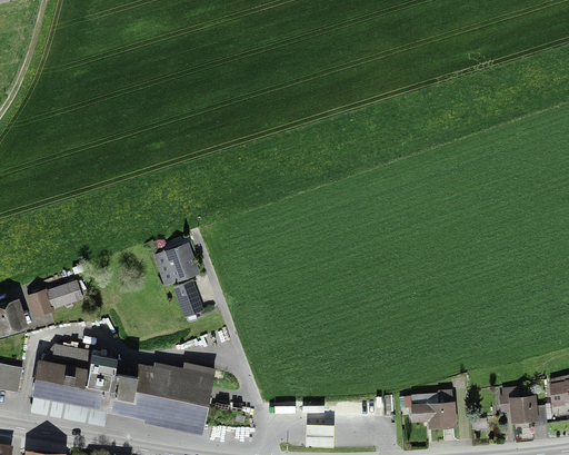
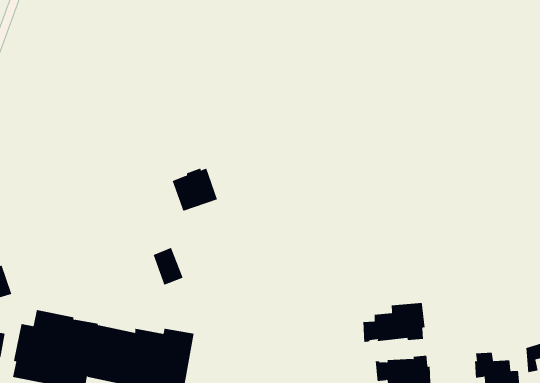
building: [152,241,199,286] -> [172,168,218,211]
building: [26,279,83,317] -> none
building: none -> [363,302,425,343]

